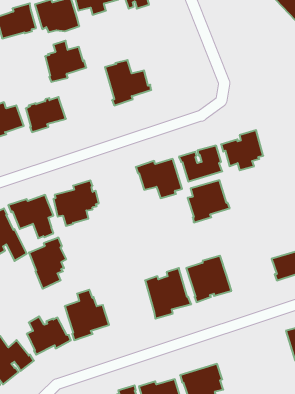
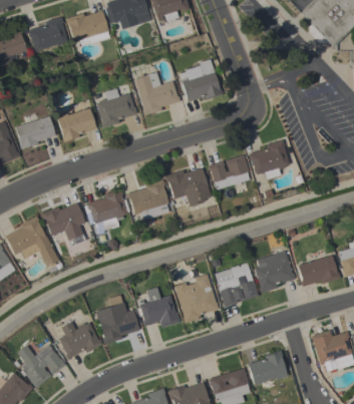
building: [45,41,86,82] -> [97,87,137,127]
building: none -> [182,59,223,101]
building: none -> [126,178,169,220]
building: [188,180,230,222] -> [255,251,296,292]
building: [29,237,66,289] -> none
building: none -> [138,287,181,327]
building: none -> [249,350,289,385]

